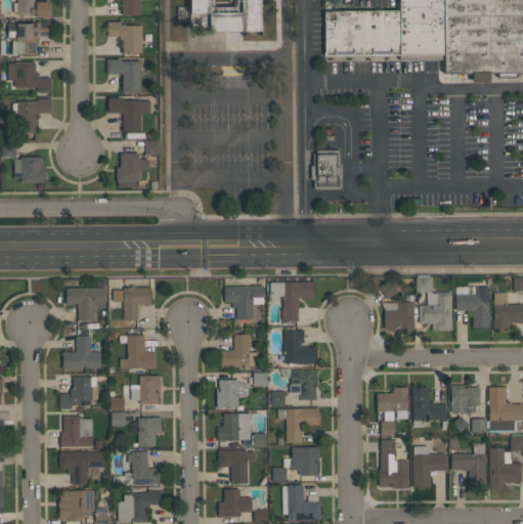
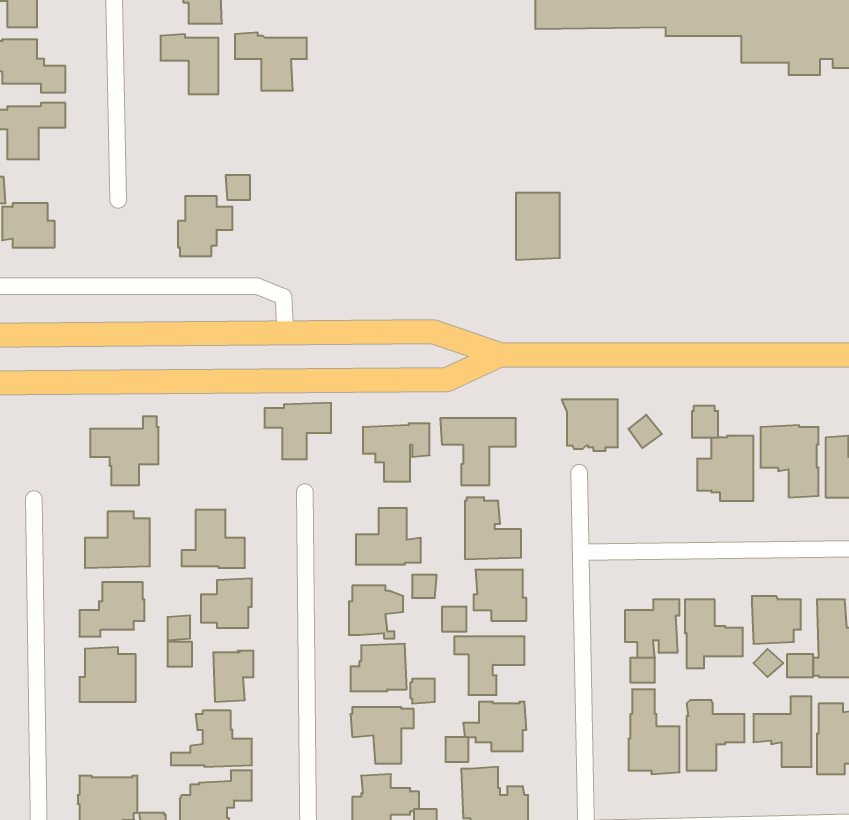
building: [108,97,150,131] -> [235,32,307,91]
building: [114,287,152,319] -> [264,403,331,459]
building: [382,302,415,332] -> [562,400,618,451]
building: [59,451,104,484] -> none

